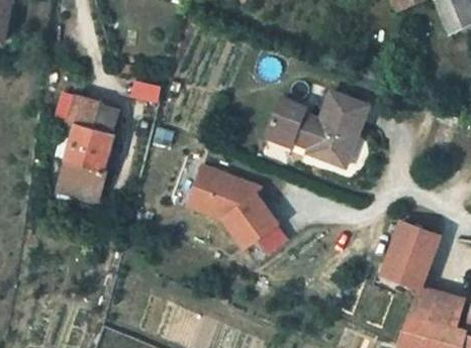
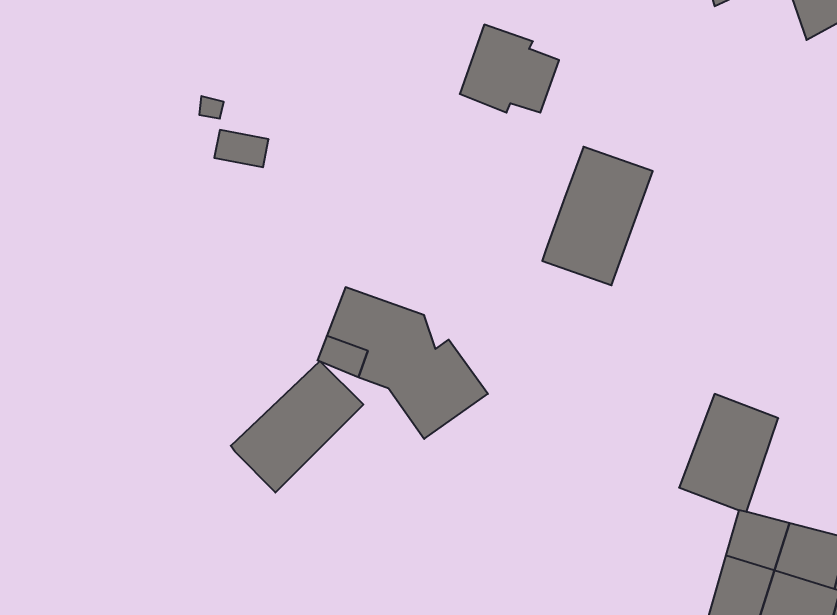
building: [64,97,121,200] -> none
building: [267,99,320,146] -> [460,25,559,113]
building: none -> [231,361,363,493]

